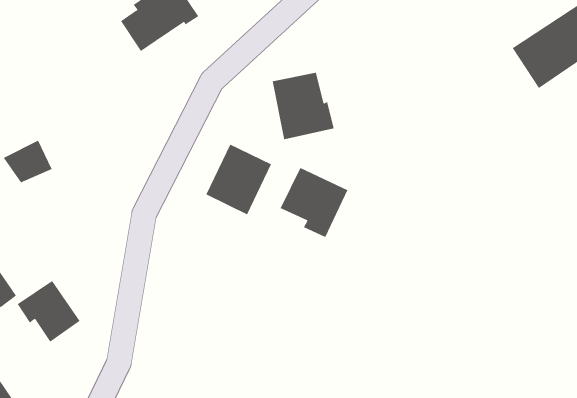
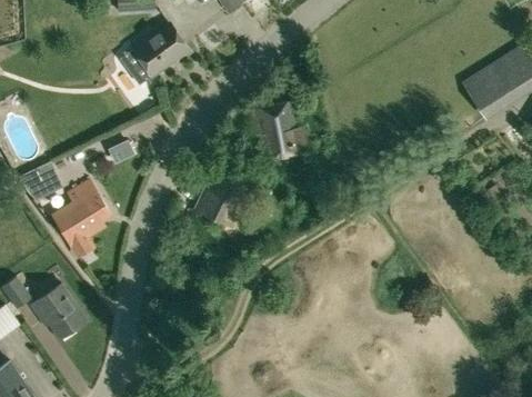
building: none -> [52,181,109,256]
building: [280,167,348,238] -> none

